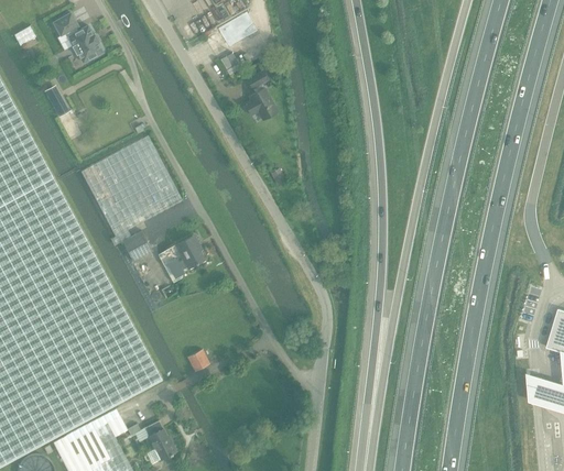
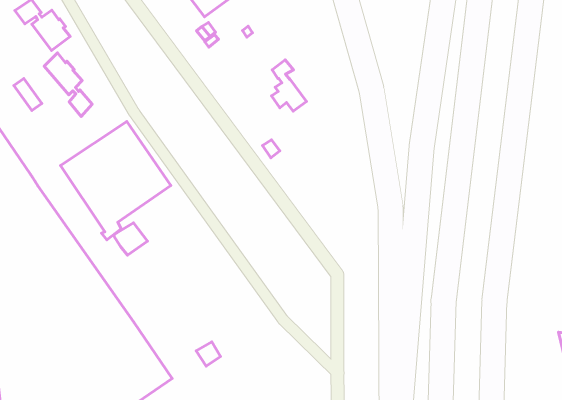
building: none -> [44,53,92,116]
building: [245,72,276,120] -> [271,60,306,111]
building: [158,237,205,283] -> none

